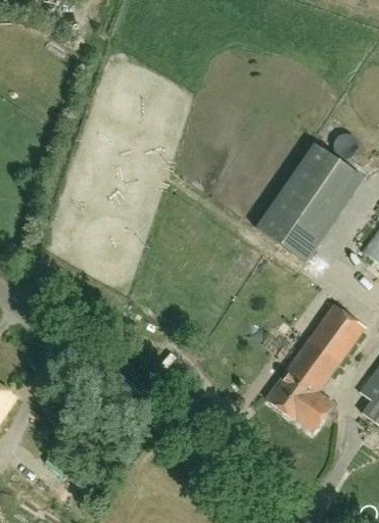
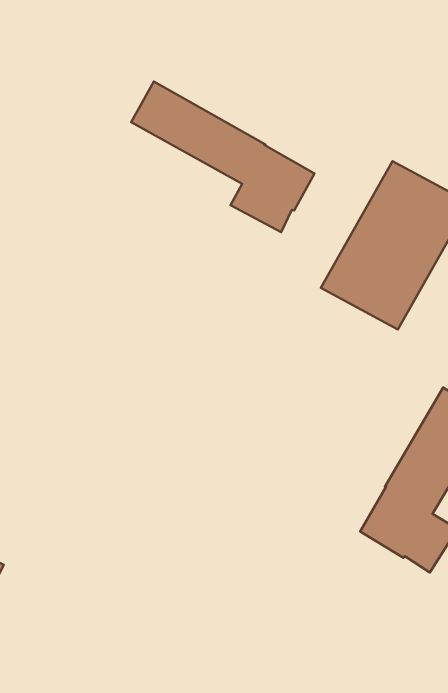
building: none -> [131,81,314,232]

